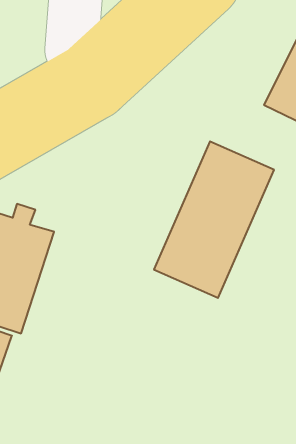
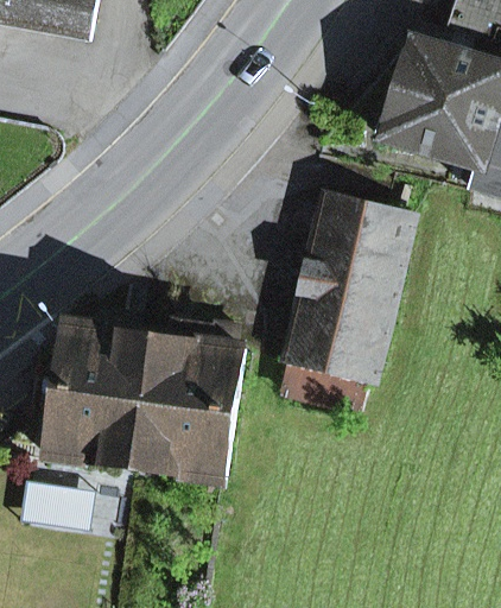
building: none -> [134,317,243,476]

